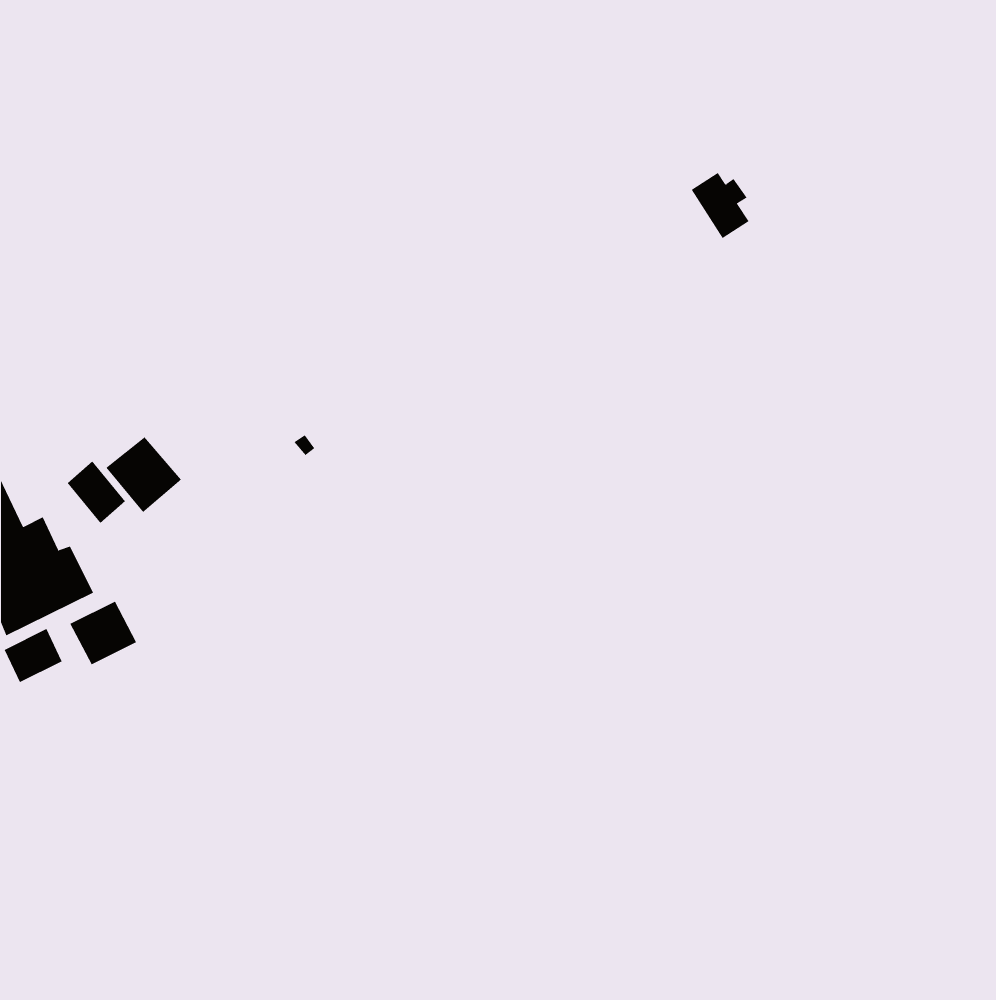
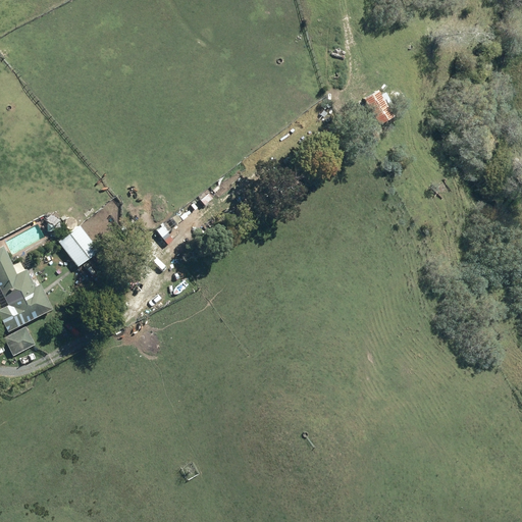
building: [67,461,126,524] -> none
building: [70,601,137,665] -> none

